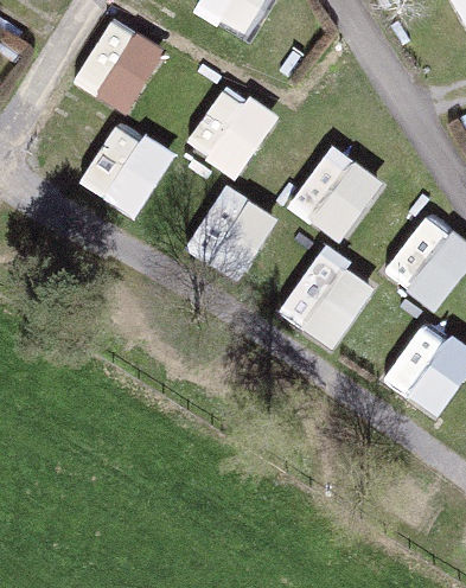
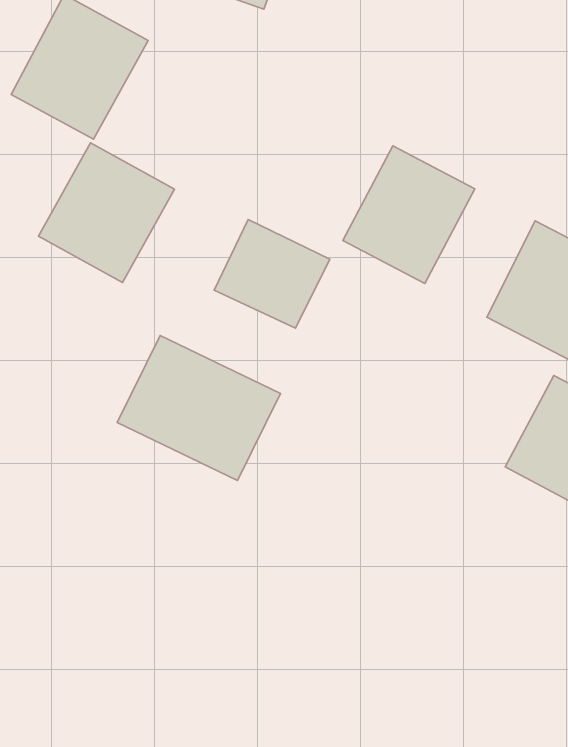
building: [184,82,277,178] -> none
building: [275,245,377,351] -> none
building: none -> [117,335,280,481]

